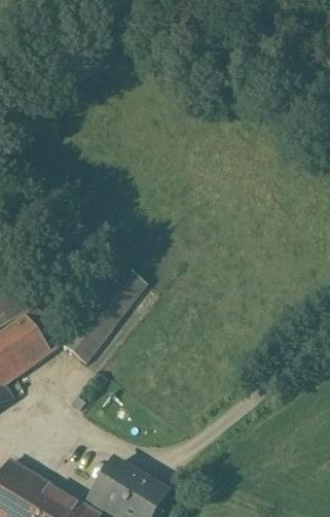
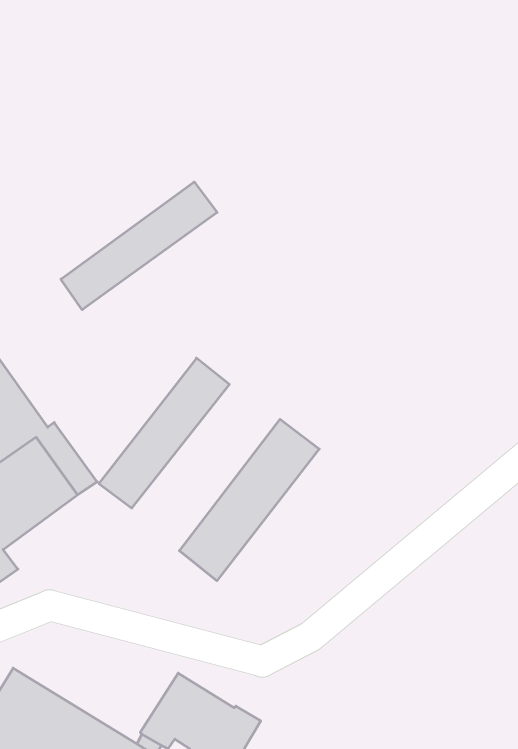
building: none -> [61,182,217,310]
building: none -> [179,419,319,581]

